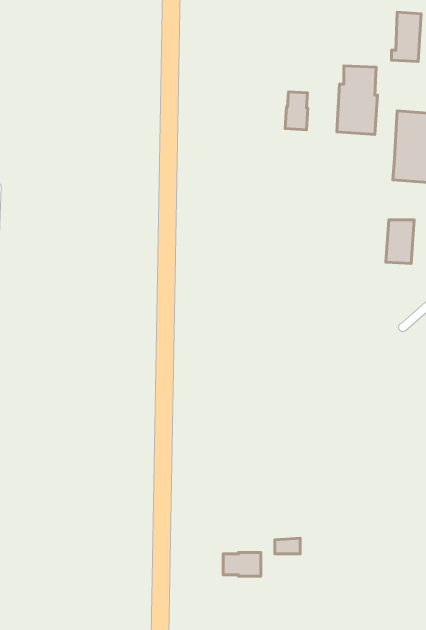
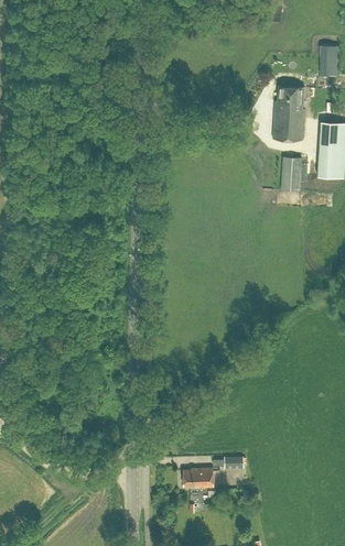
building: [285,92,308,130] -> none
building: [386,220,414,263] -> [280,157,302,192]

